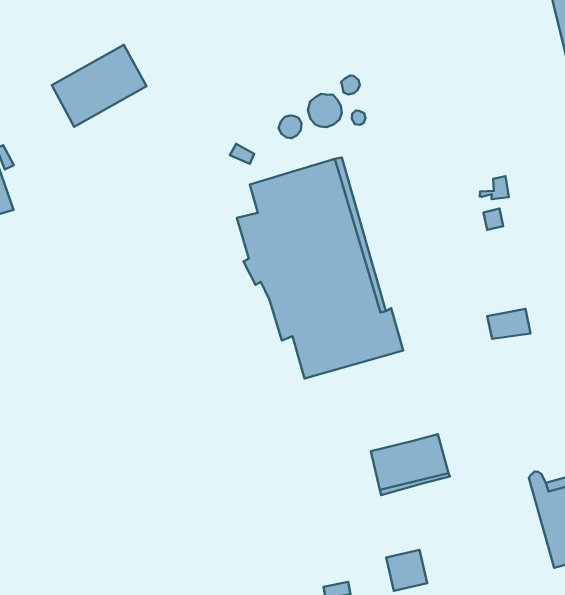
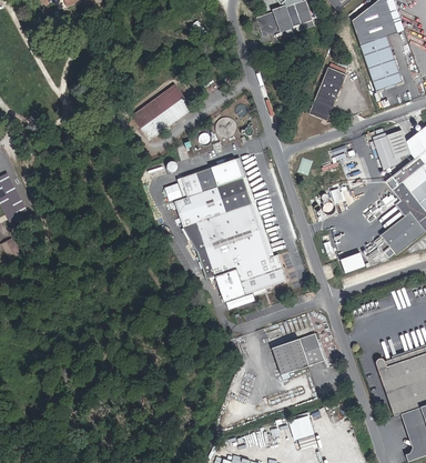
building: none -> [310,64,346,119]
building: [52,45,146,127] -> [130,82,191,138]

